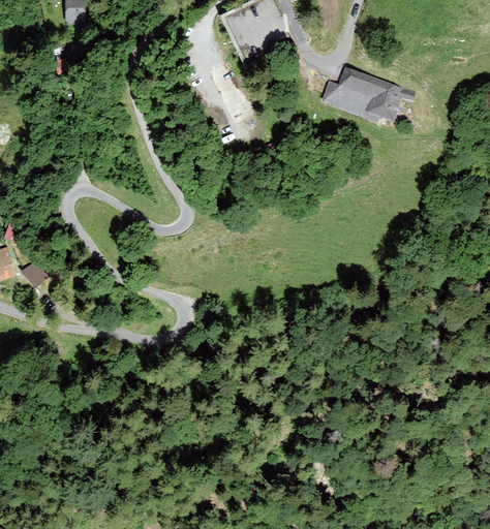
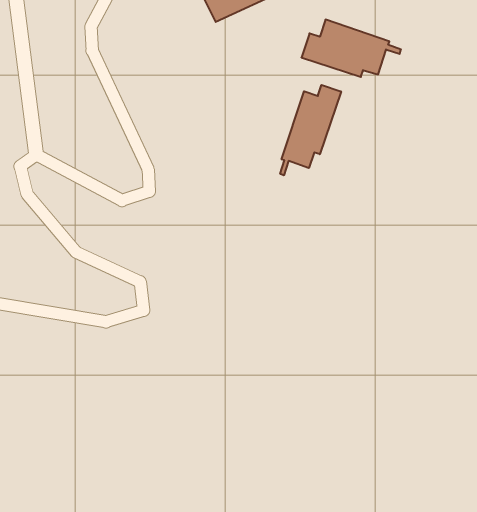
building: none -> [280,85,341,175]

